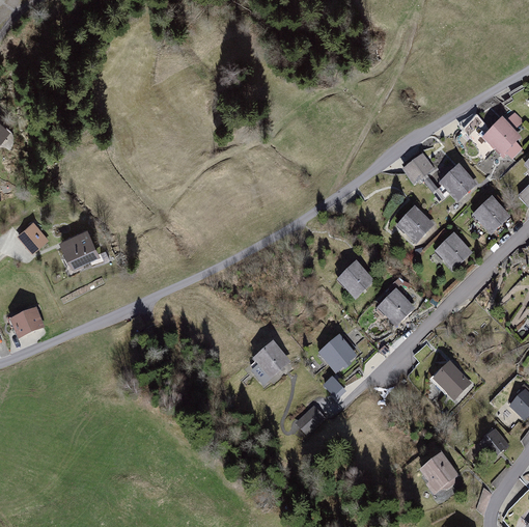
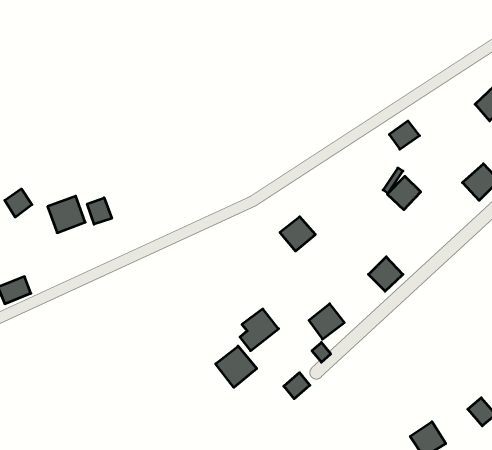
building: [441,166,476,201] -> none
building: none -> [87,198,112,224]
building: [438,234,472,268] -> none
building: [339,262,374,297] -> [280,217,315,251]
building: [433,362,470,399] -> none
building: none -> [216,346,257,387]

